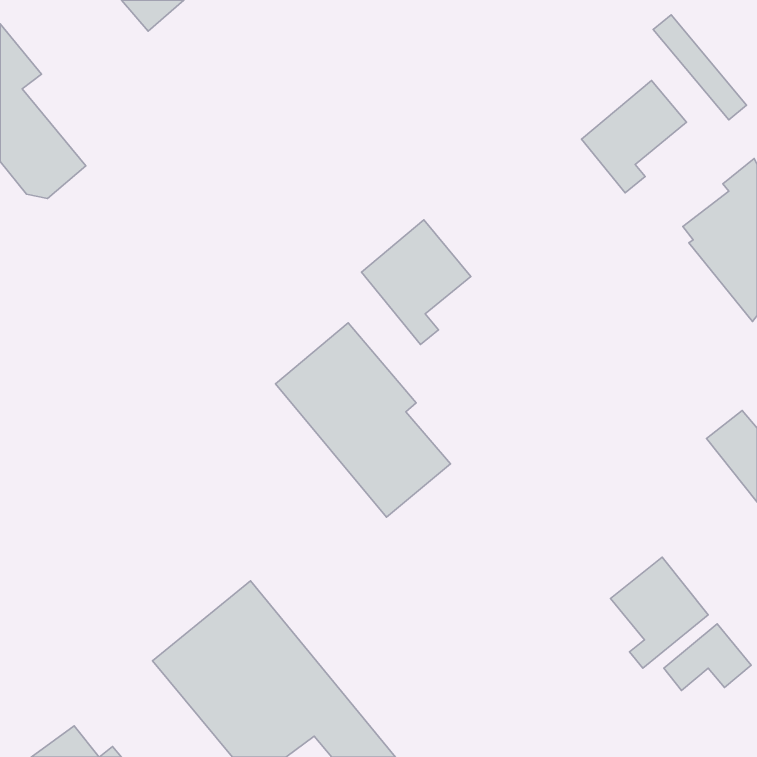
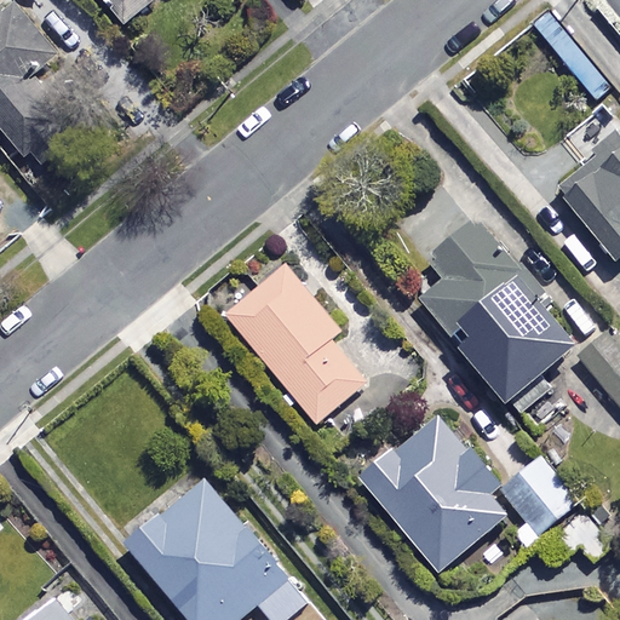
building: [582,80,686,193] -> none
building: [362,220,471,344] -> none
building: none -> [418,214,578,414]
building: none -> [351,418,511,572]

